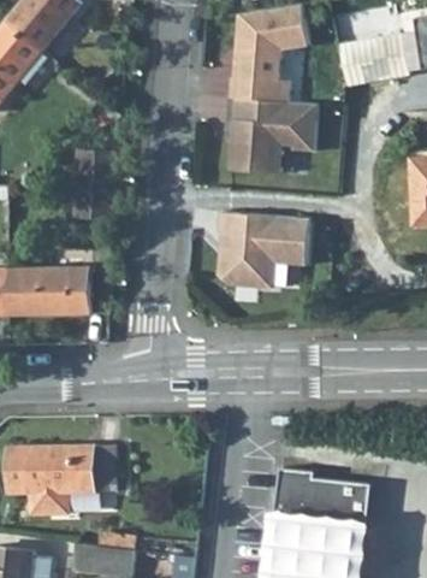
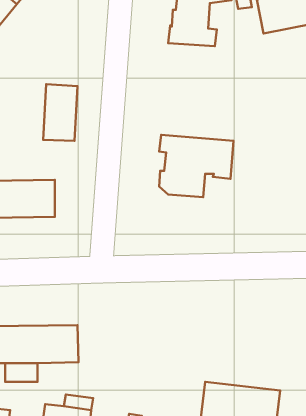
building: [225,99,315,175] -> none
building: [273,468,370,527] -> none

